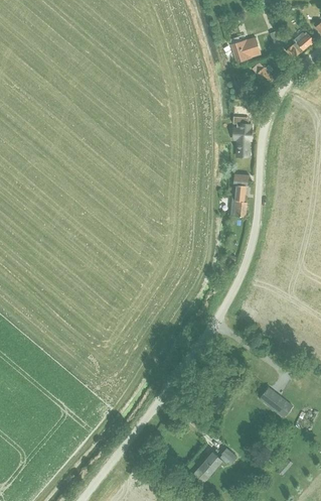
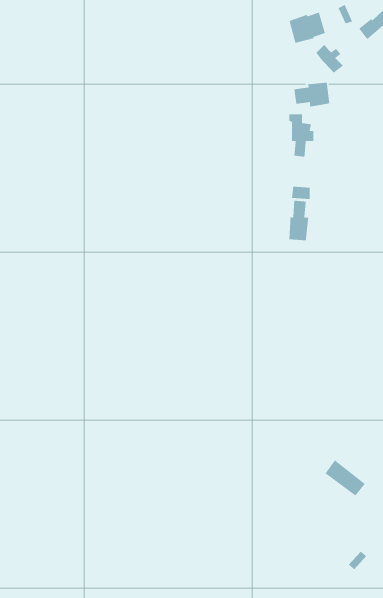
building: none -> [294,82,330,107]
building: [192,448,235,482] -> none

